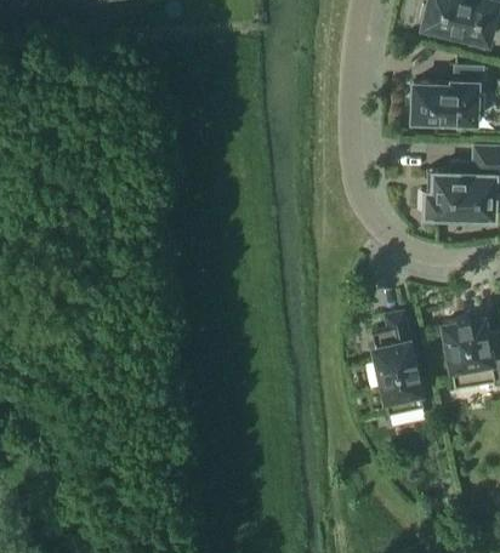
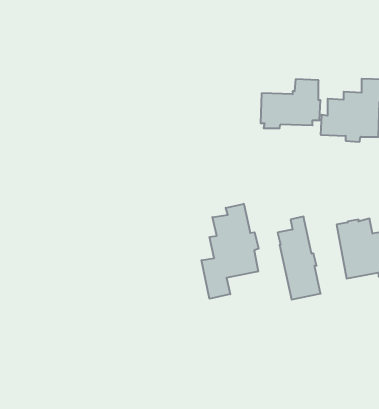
building: [411,67,484,126] -> [261,79,321,128]
building: none -> [202,204,259,299]

